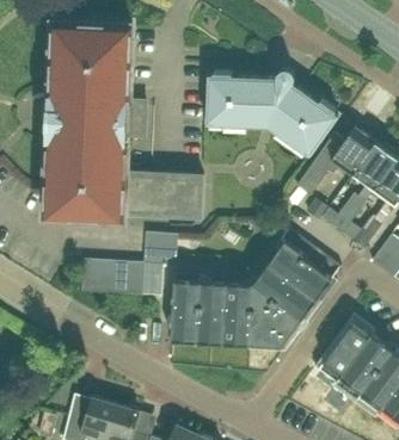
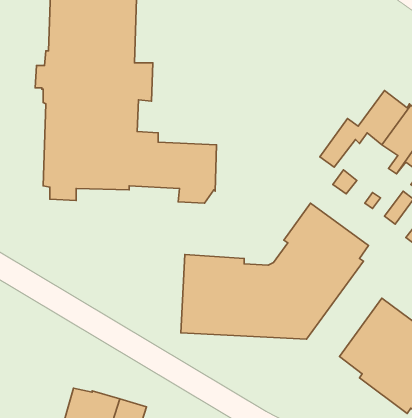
building: [207,67,338,154] -> none
building: [82,233,178,295] -> none

